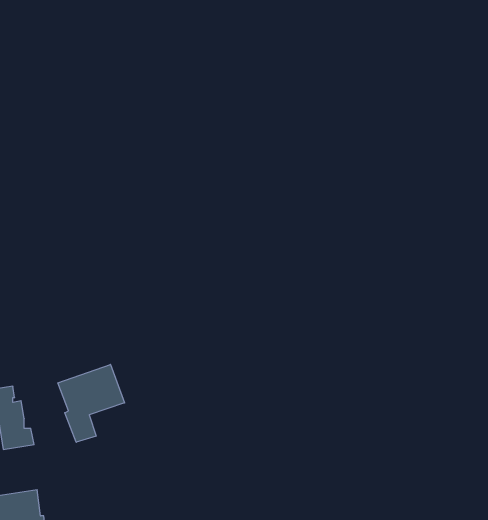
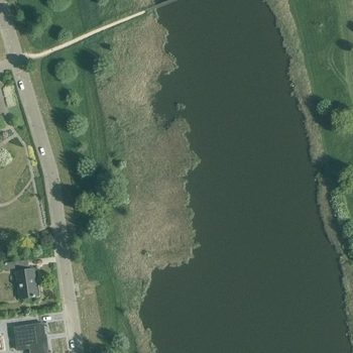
building: [58,364,125,442] -> none

